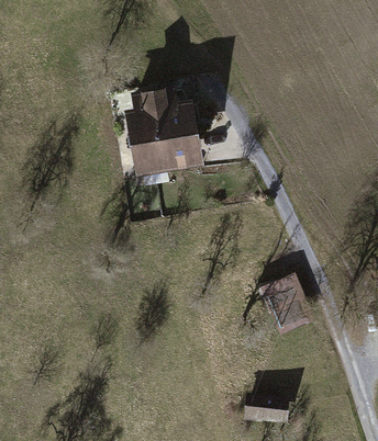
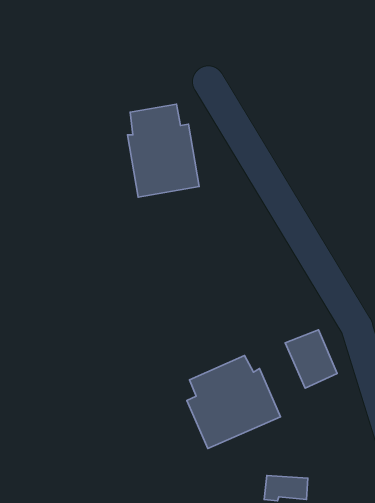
building: none -> [187,355,281,449]

